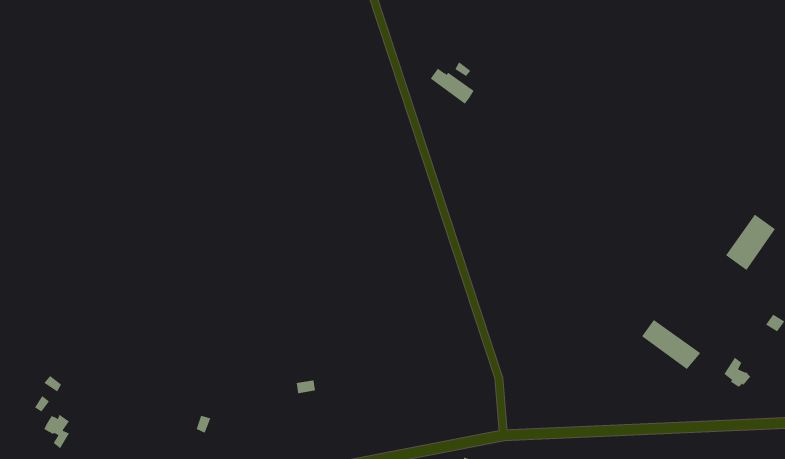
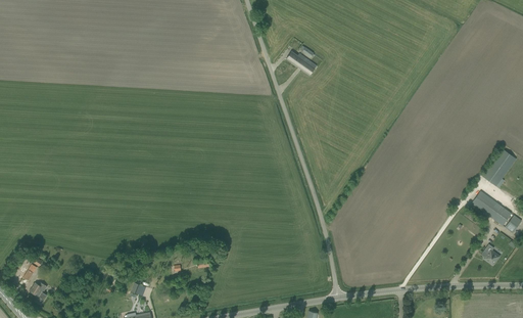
building: [641,319,701,370] -> [472,191,512,225]

